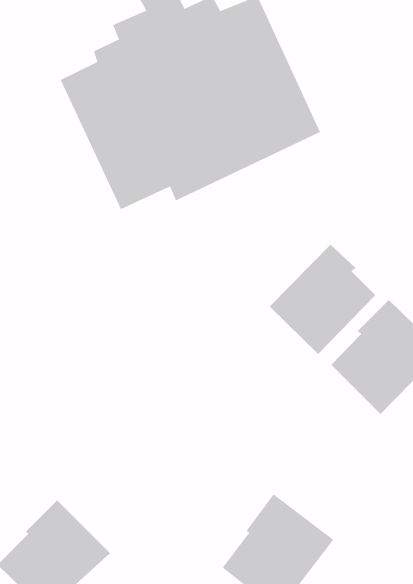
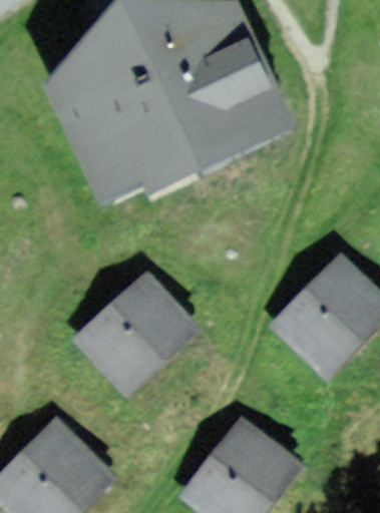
building: [269,244,376,355] -> none
building: none -> [85,280,178,376]

